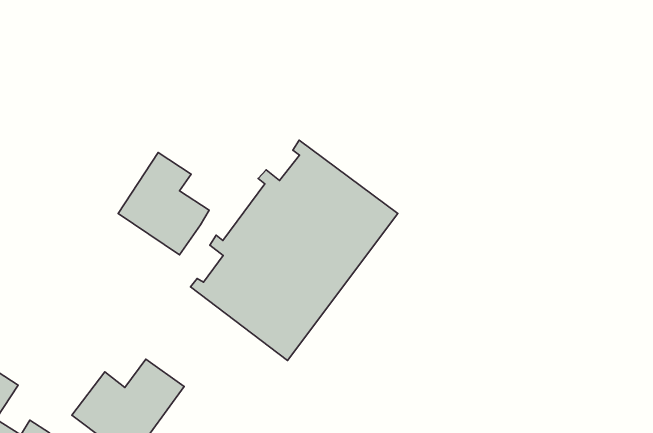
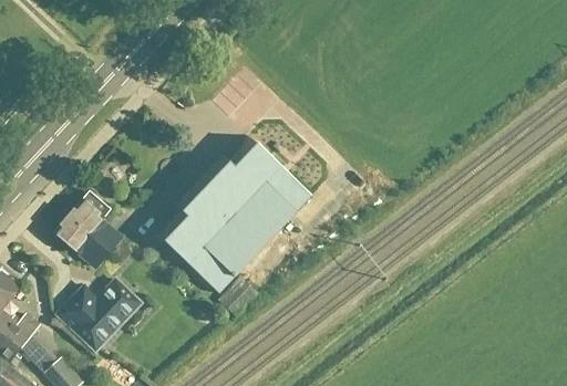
building: [118,152,209,255] -> [54,191,121,268]

